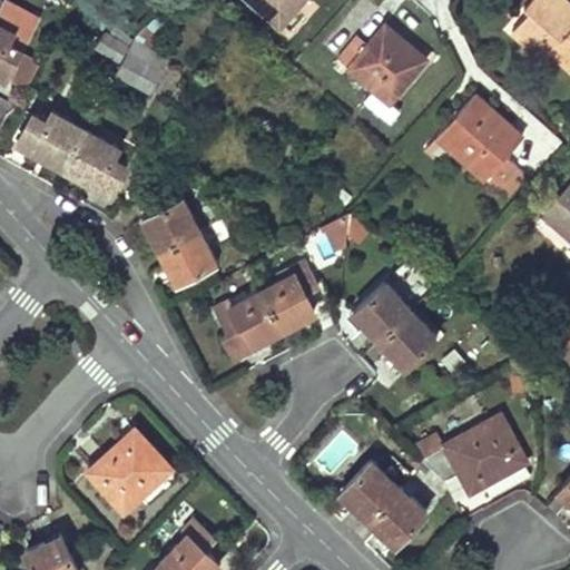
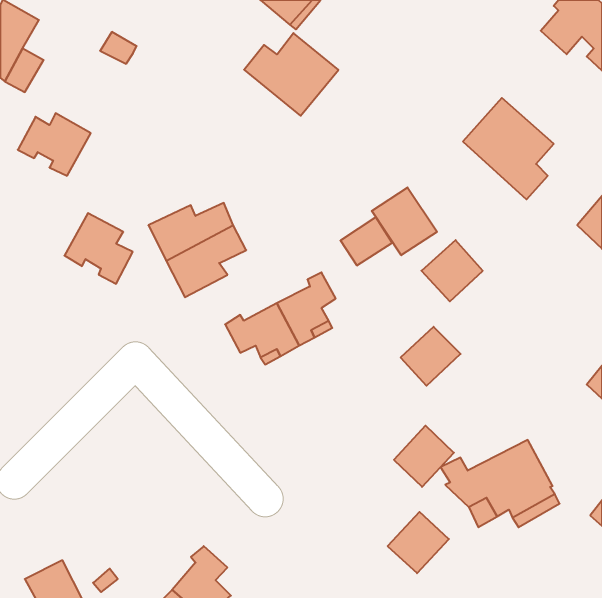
building: [337,27,426,105] -> [244,33,338,116]
building: [114,55,159,97] -> none
building: [63,130,128,197] -> [64,213,133,284]
building: none -> [372,187,437,255]
building: [352,284,410,342] -> [421,240,483,301]
building: [88,431,178,511] -> none
building: [340,462,396,520] -> [394,426,454,487]

